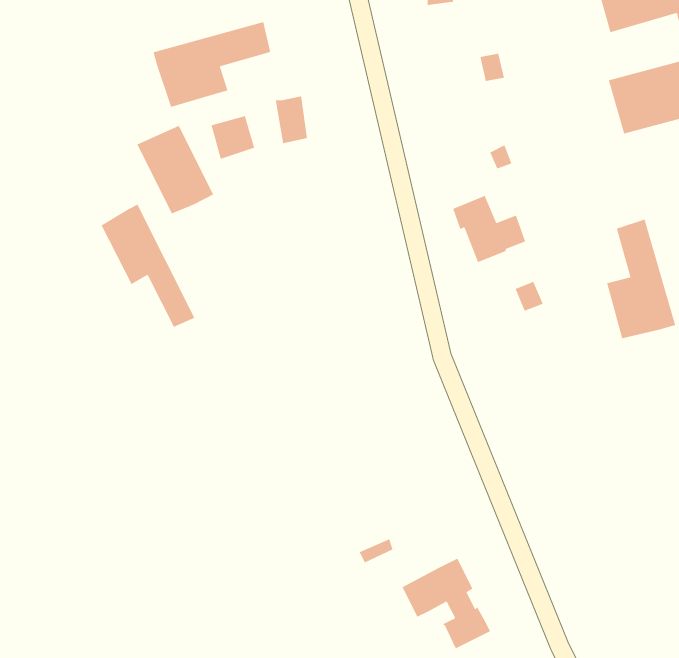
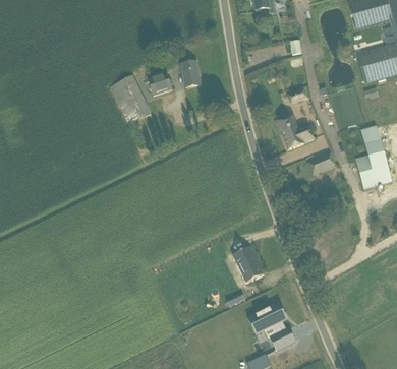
building: [152,21,271,108] -> none
building: [100,203,195,328] -> none
building: none -> [233,245,263,281]

